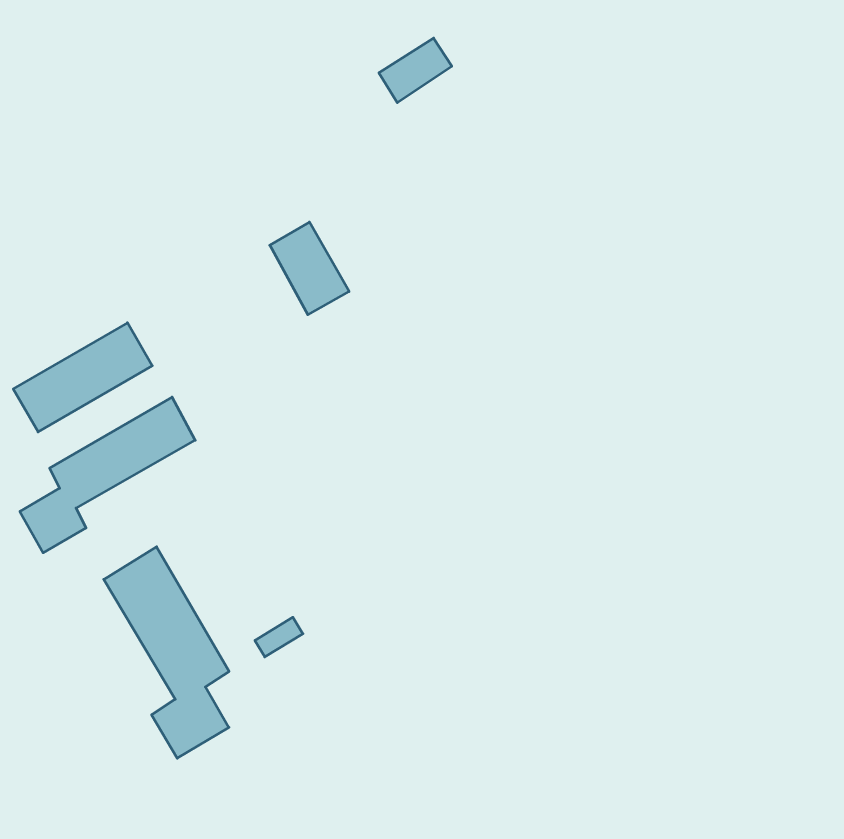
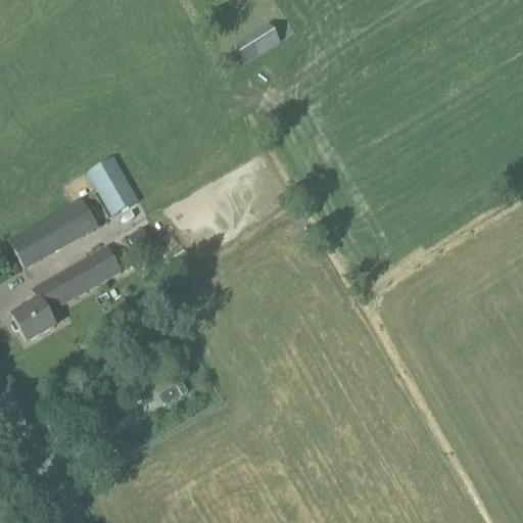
building: [270,222,349,315] -> [89,158,138,216]
building: [104,547,229,758] -> none

